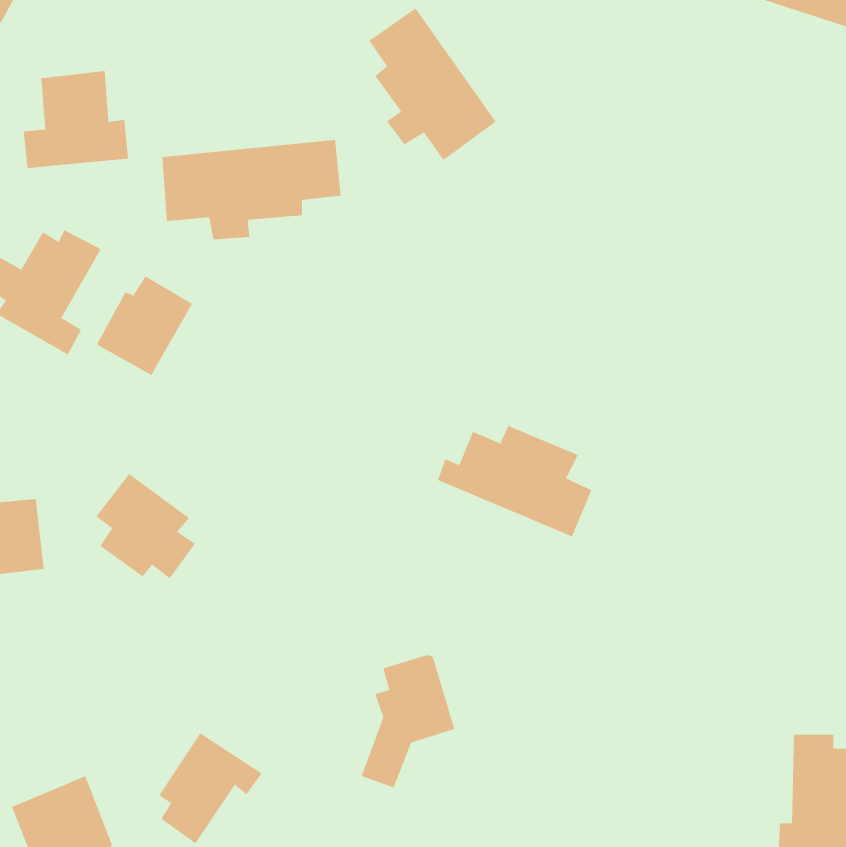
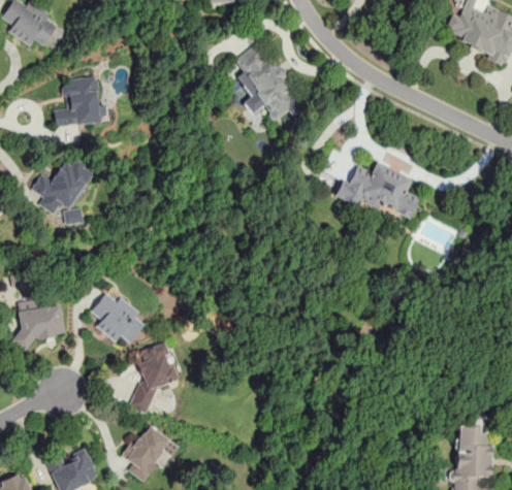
building: [162,139,341,240] -> none
building: [96,276,193,376] -> none
building: [437,425,592,537] -> [338,163,419,222]
building: [361,655,455,788] -> [129,342,179,413]

